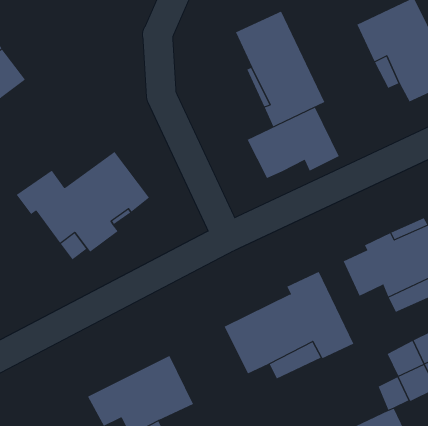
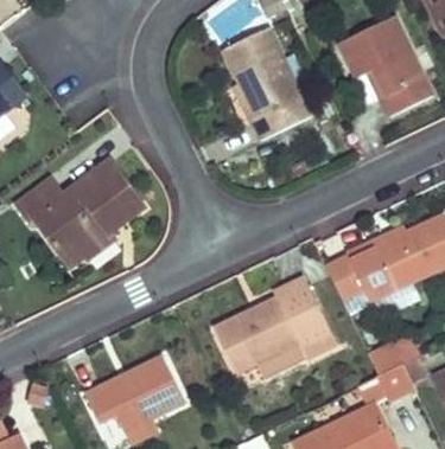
building: [247,107,339,179] -> none

